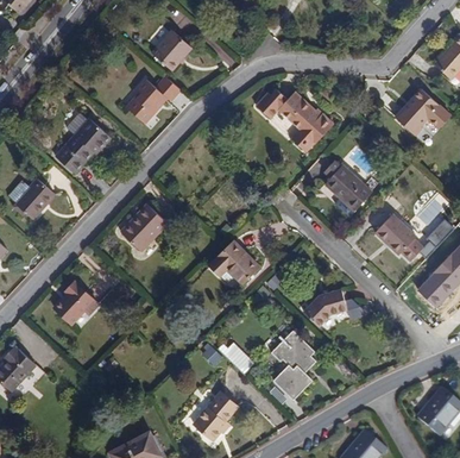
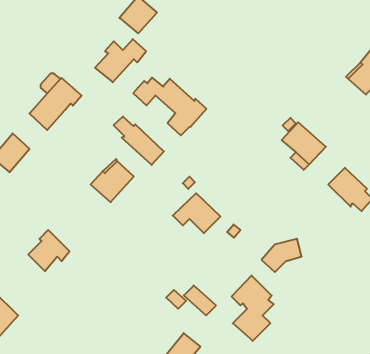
building: [254,90,333,152] -> [133,78,206,135]
building: none -> [114,116,164,165]

